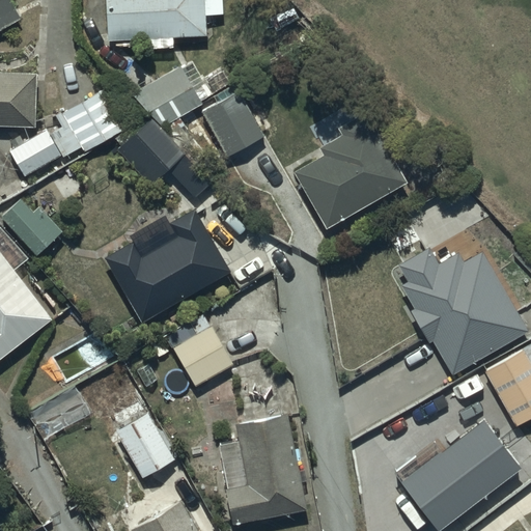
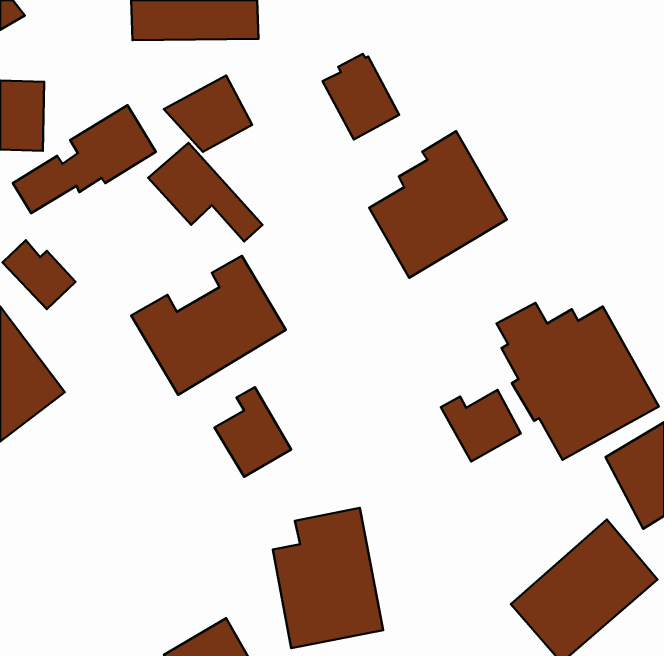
building: [201,88,262,157] -> [323,54,399,140]
building: none -> [441,390,521,461]
building: [116,420,175,484] -> none

